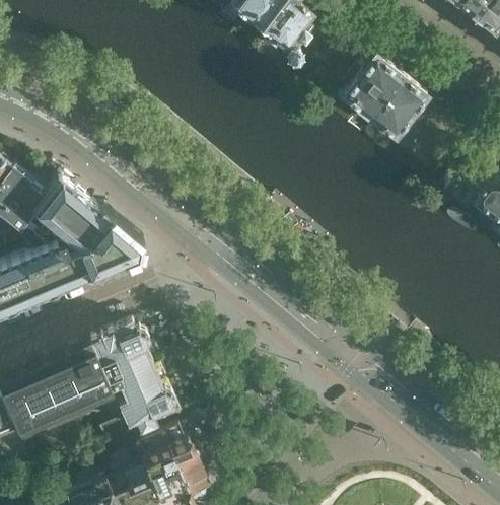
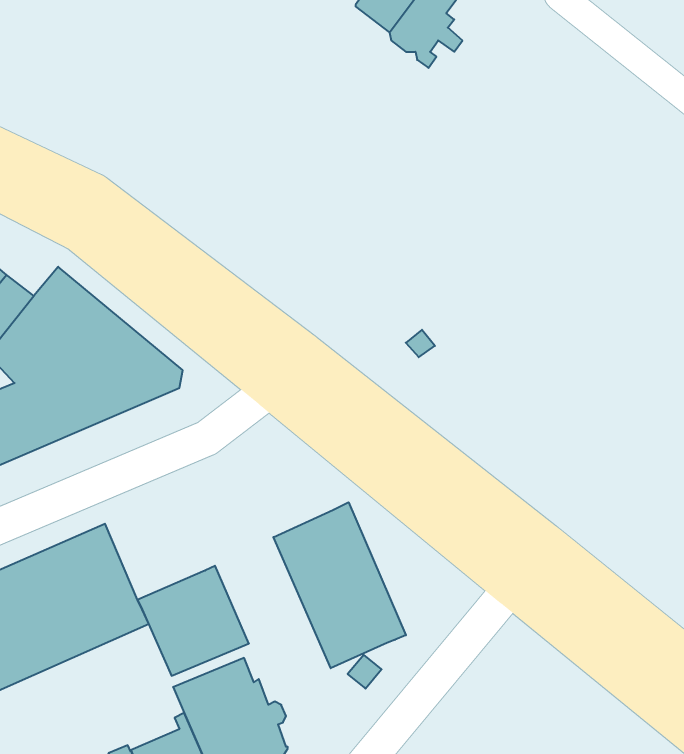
building: [345,58,428,138] -> none
building: [92,326,155,390] -> none
building: none -> [273,502,406,668]

